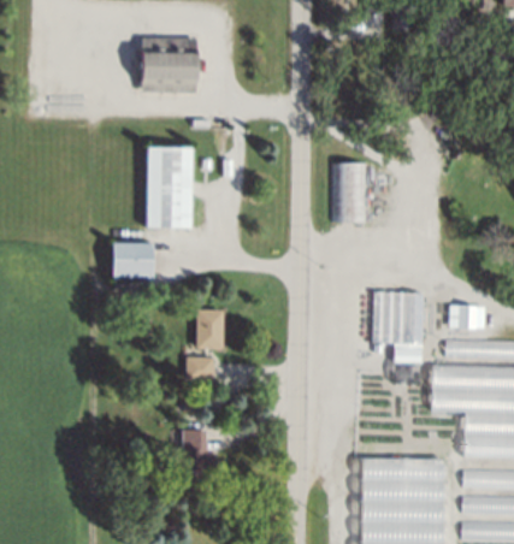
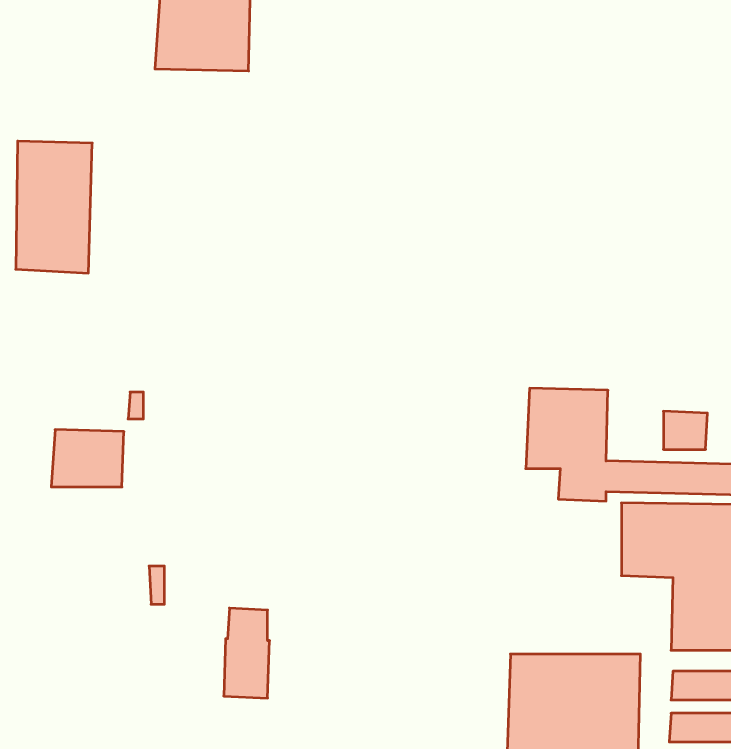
building: [146,144,194,227] -> [16,141,92,273]
building: [333,161,368,221] -> none
building: [108,241,154,277] -> [51,430,124,487]
building: [199,308,226,348] -> none
building: [188,356,215,379] -> none

